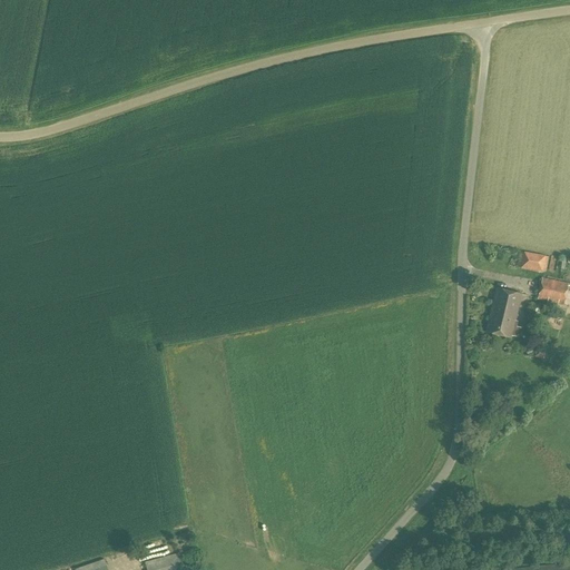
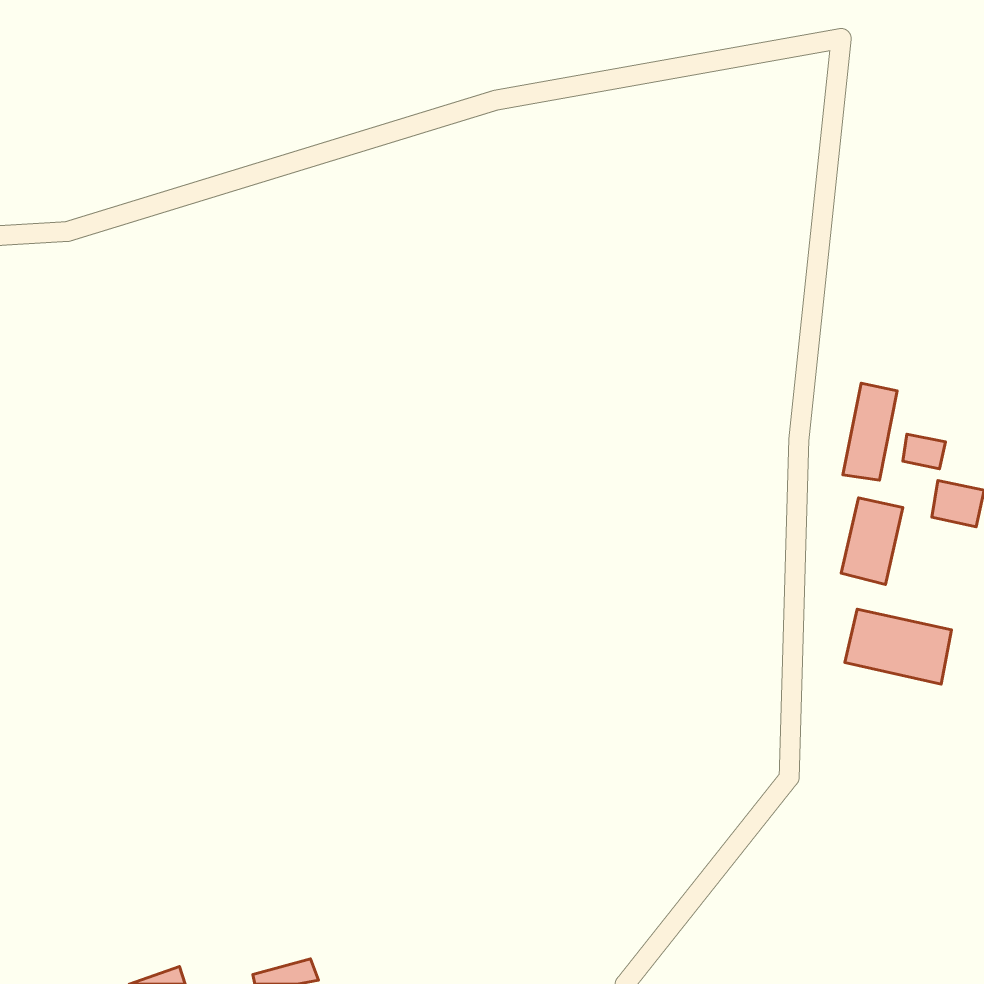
building: none -> [843,383,897,480]
building: none -> [845,609,952,684]

